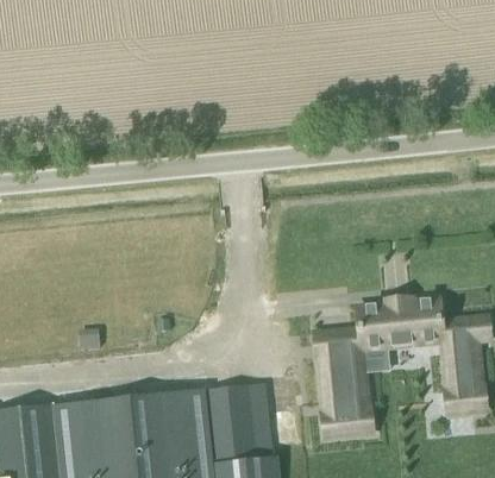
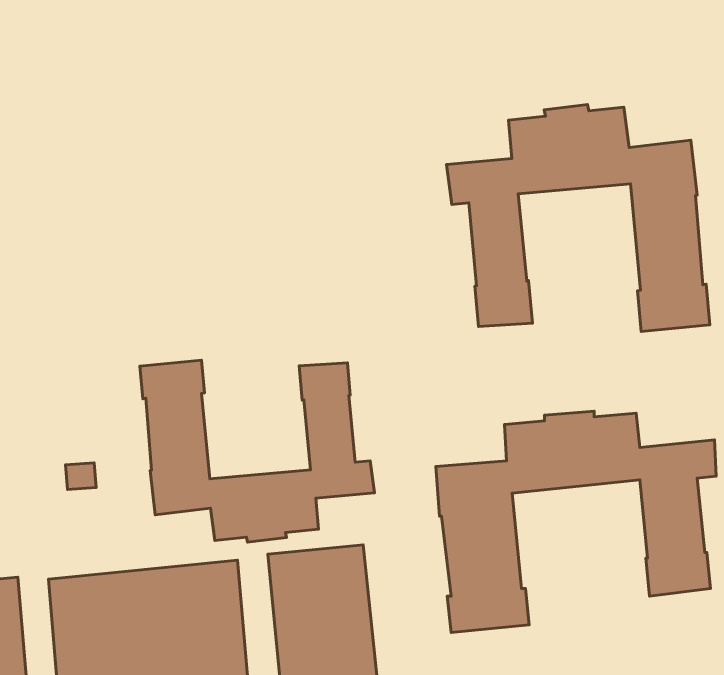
building: none -> [447,105,710,331]
building: none -> [140,360,375,542]

